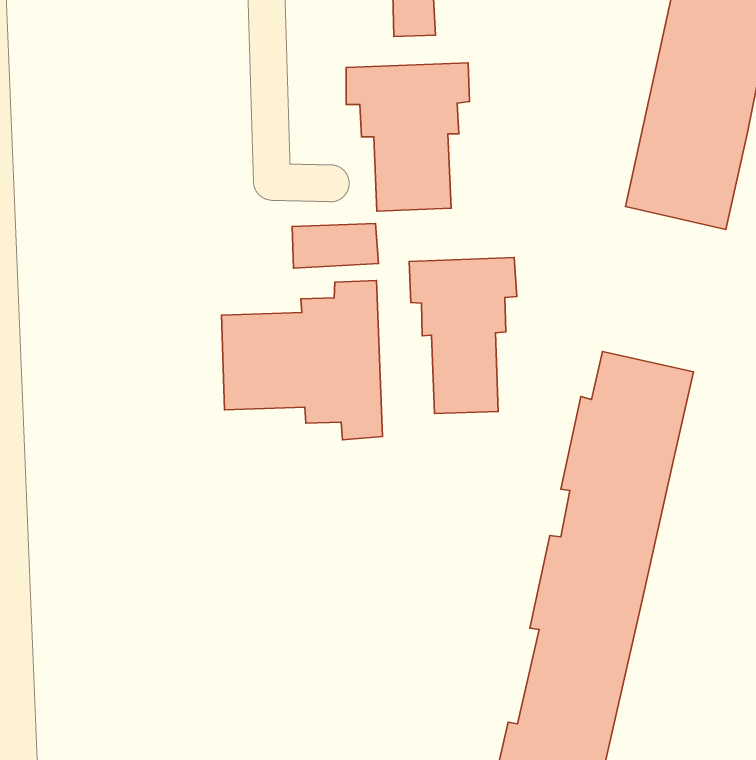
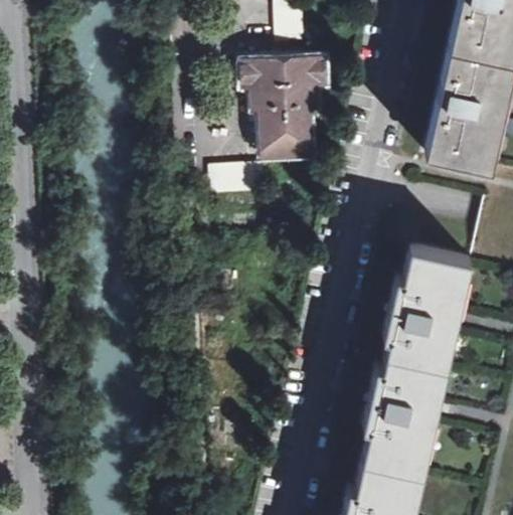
building: [409,257,517,414] -> none
building: [221,281,382,440] -> none

